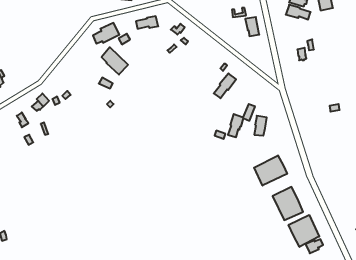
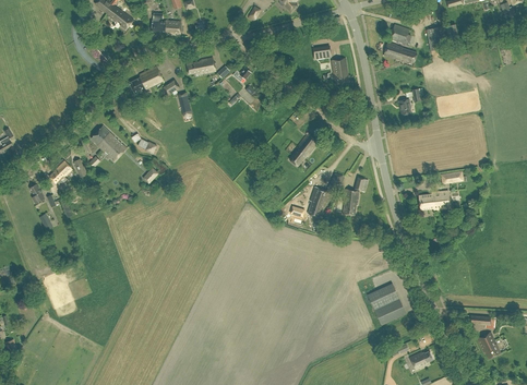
building: [102,47,128,75] -> [92,124,127,160]
building: none -> [419,190,451,208]
building: [254,155,287,186] -> none
building: [289,215,319,247] -> none

